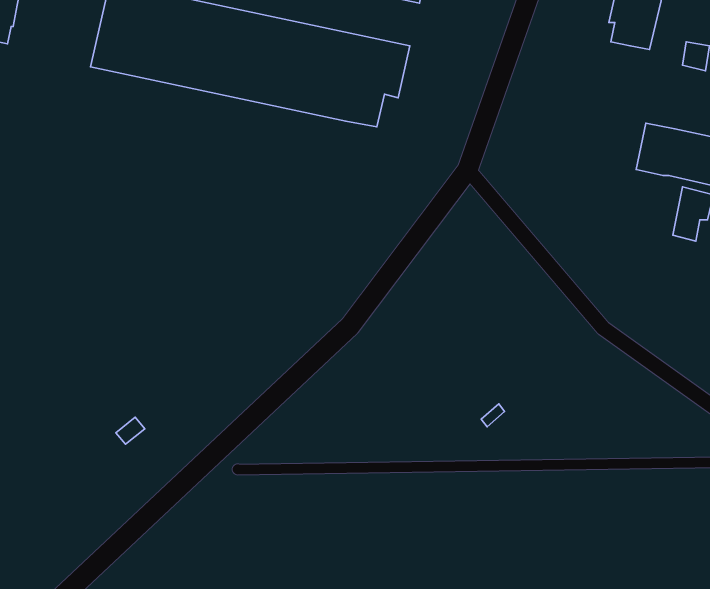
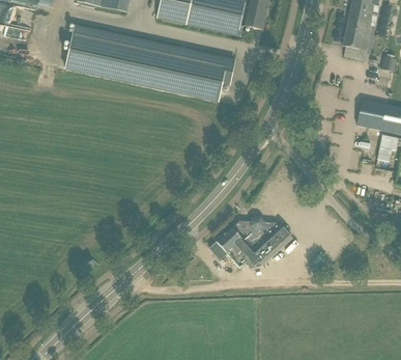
building: none -> [210,216,293,269]

